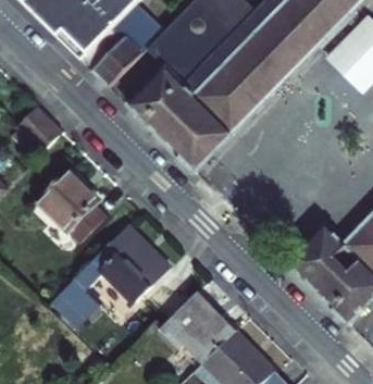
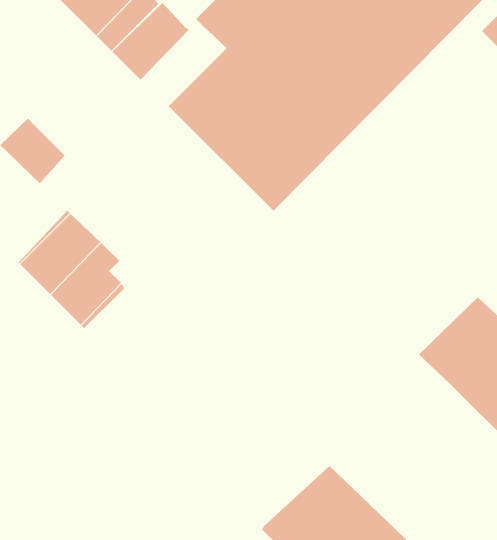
building: [62,224,171,317] -> none
building: [152,295,232,371] -> none

